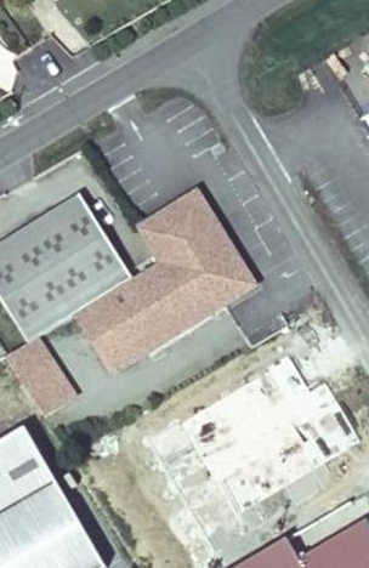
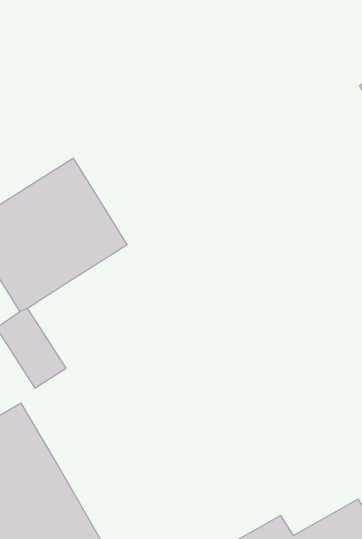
building: [75,189,255,371] -> none

